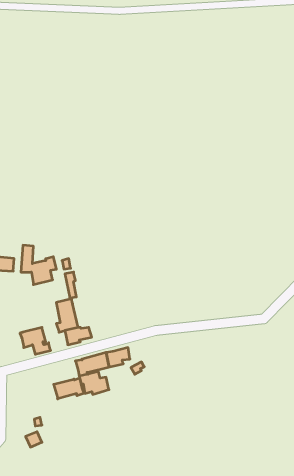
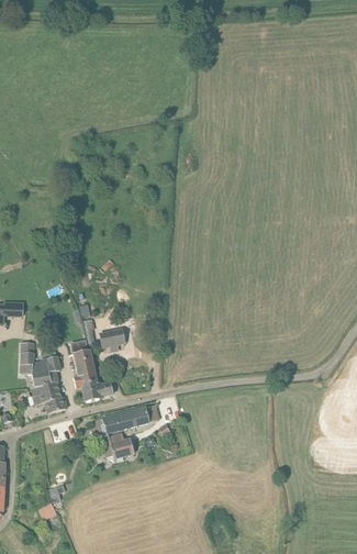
building: [21,245,56,285] -> [20,342,60,387]
building: none -> [99,326,125,352]
building: [54,378,84,399] -> none

